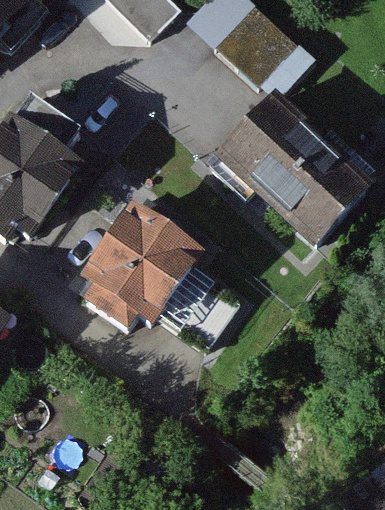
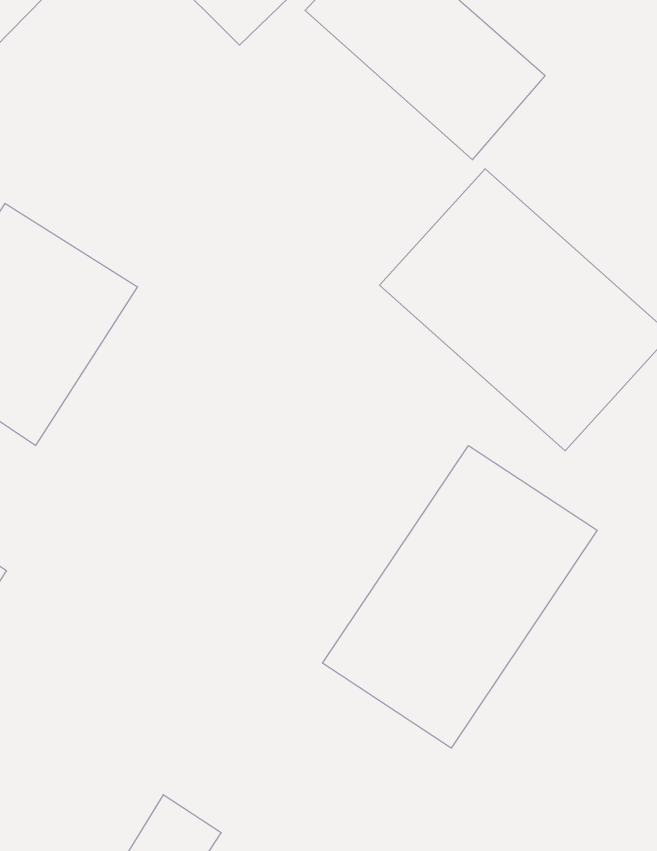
building: [74,201,208,337] -> none
building: none -> [323,446,597,748]

